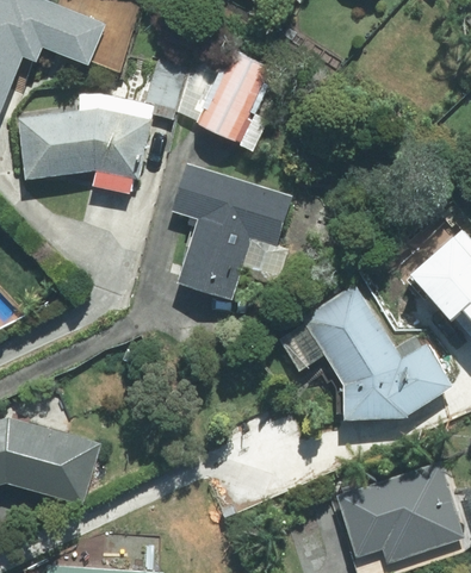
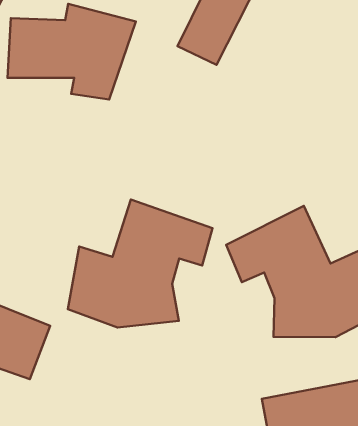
building: [172,168,286,299] -> none
building: none -> [68,199,213,328]

